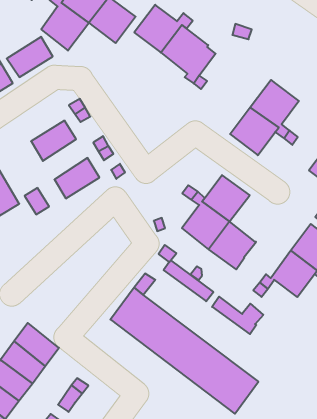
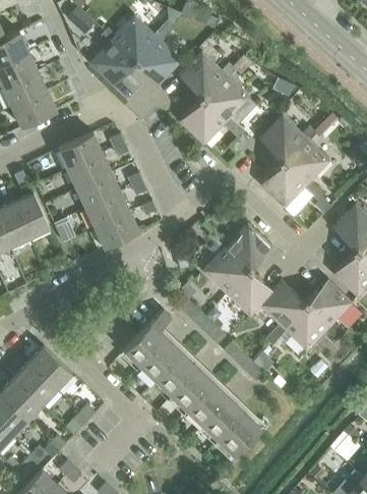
building: [7,37,53,77] -> [57,133,102,170]
building: none -> [260,112,339,162]
building: none -> [180,99,226,145]
building: none -> [76,173,120,210]
building: none -> [95,213,139,250]
building: none -> [260,282,306,329]

